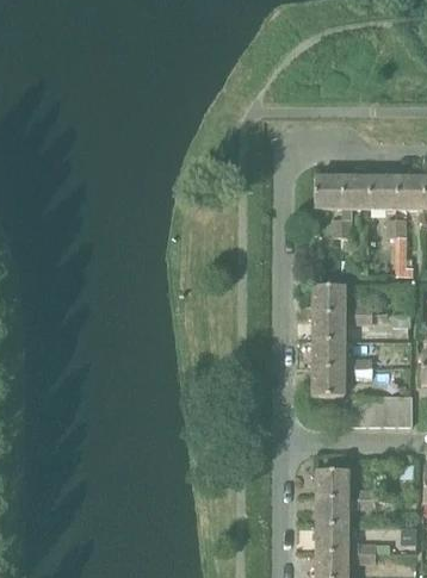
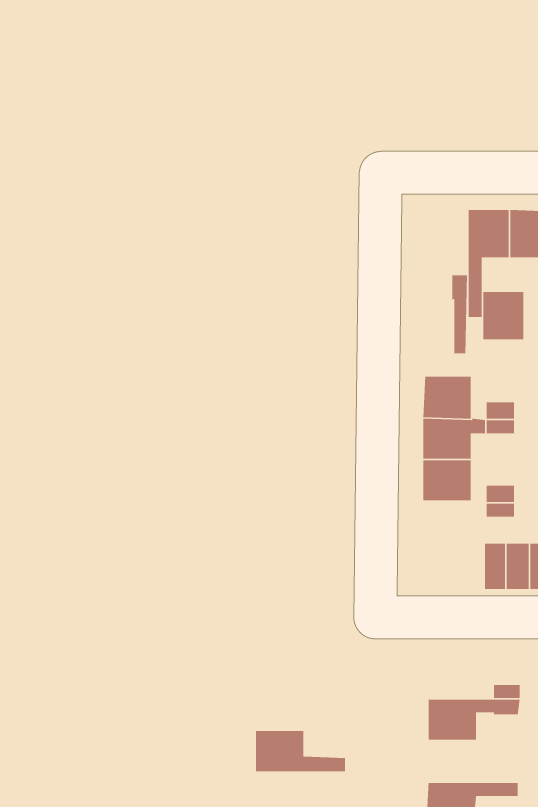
building: [314,175,341,207] -> [482,291,524,340]
building: [311,367,344,394] -> none
building: [315,470,347,497] -> none
building: [315,524,375,552] -> [255,730,346,772]

